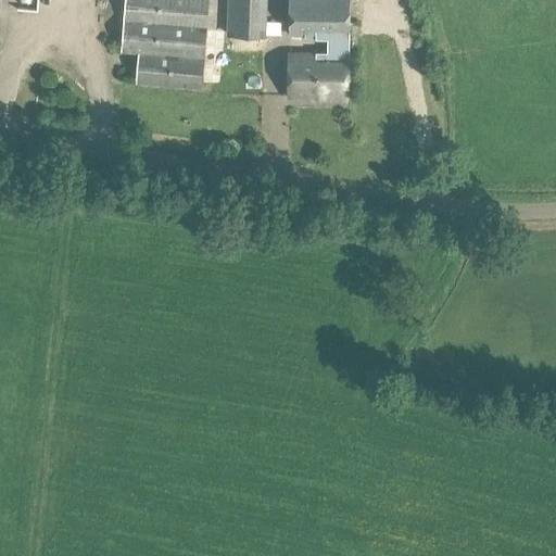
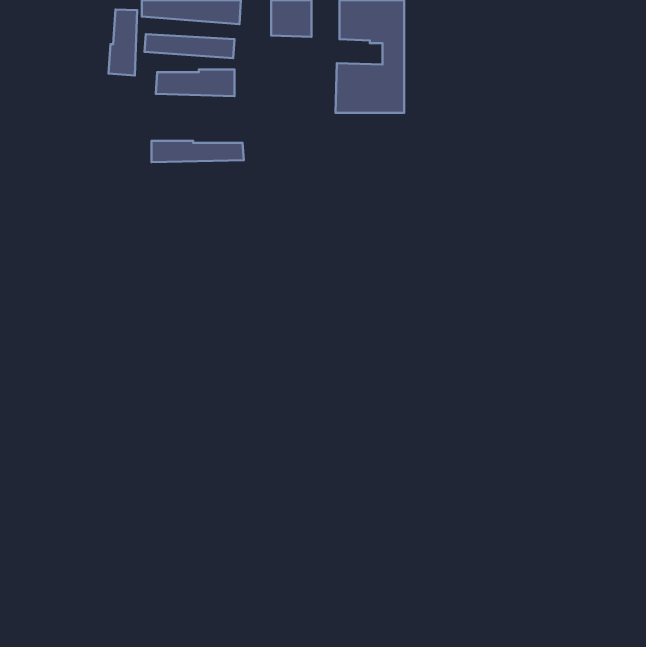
building: none -> [108,10,137,75]
building: none -> [151,141,244,162]

